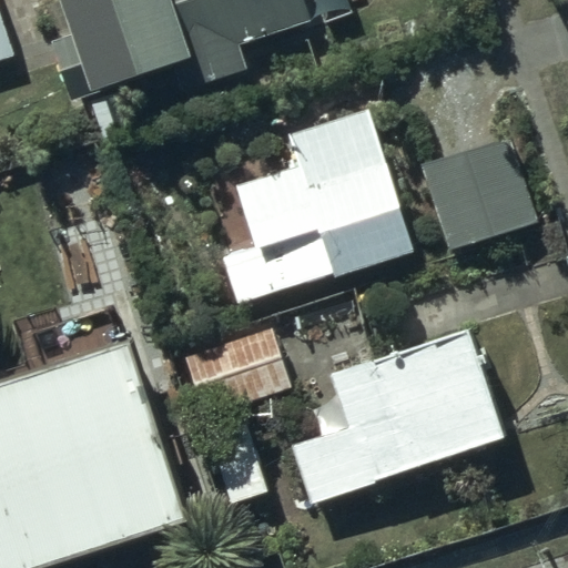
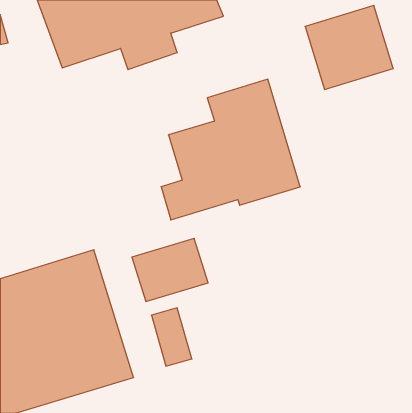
building: [418,135,539,251] -> [305,5,393,90]
building: [292,328,501,503] -> none

